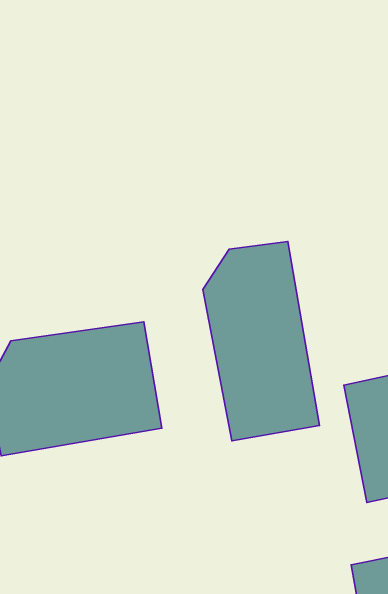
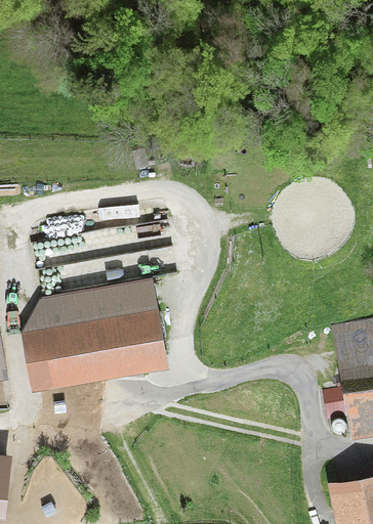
building: [203,241,319,441] -> none

